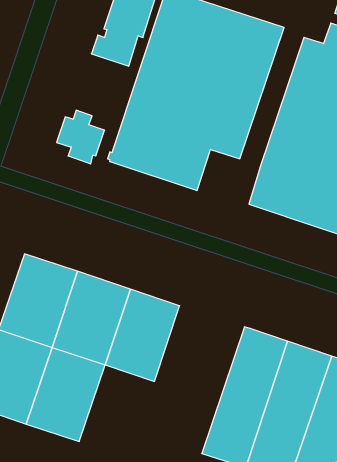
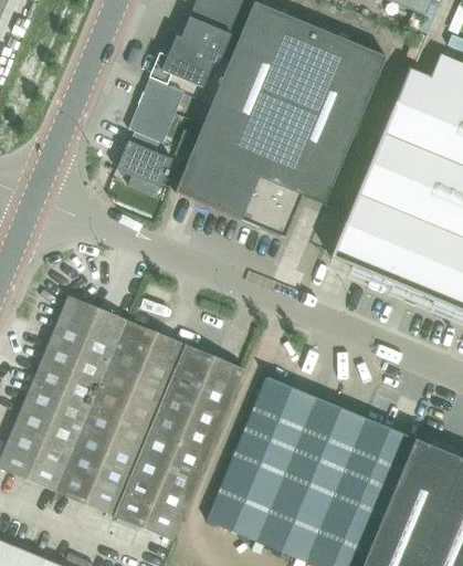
building: none -> [128,78,183,144]
building: none -> [208,377,316,541]
building: none -> [116,430,208,539]

